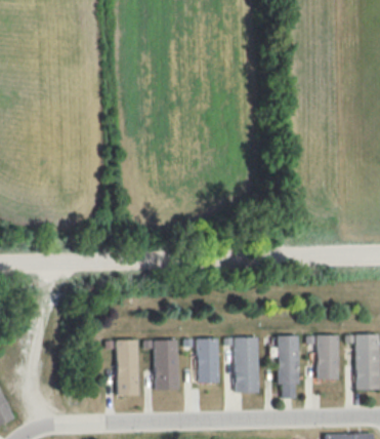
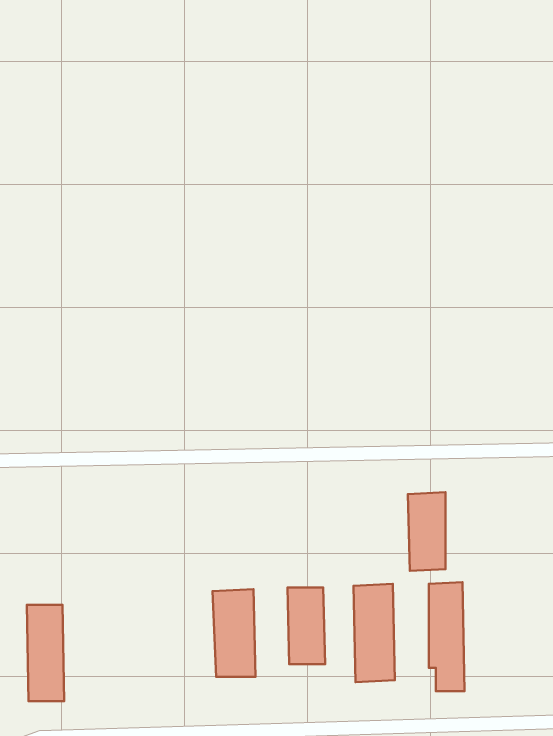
building: [316,334,338,380] -> [408,492,445,571]
building: [117,340,138,395] -> [27,605,64,701]

